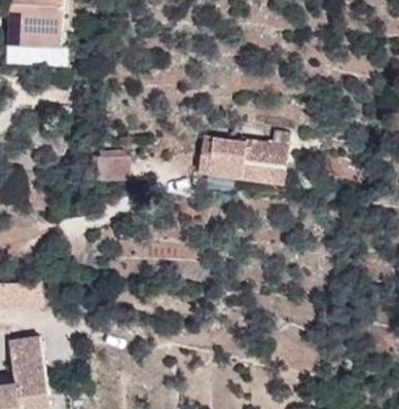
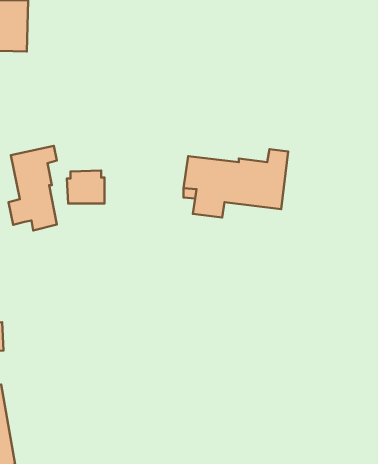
building: none -> [8,146,57,230]

